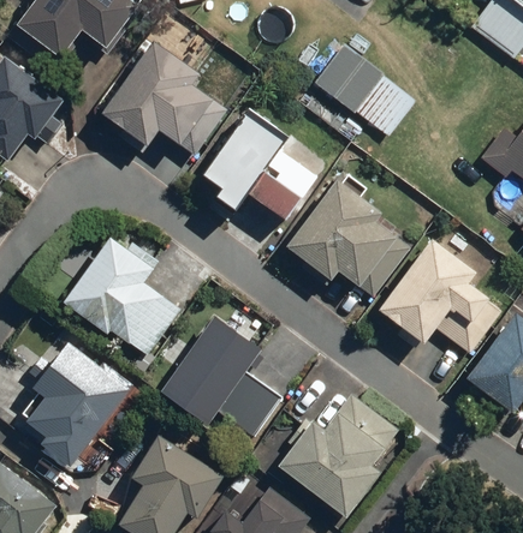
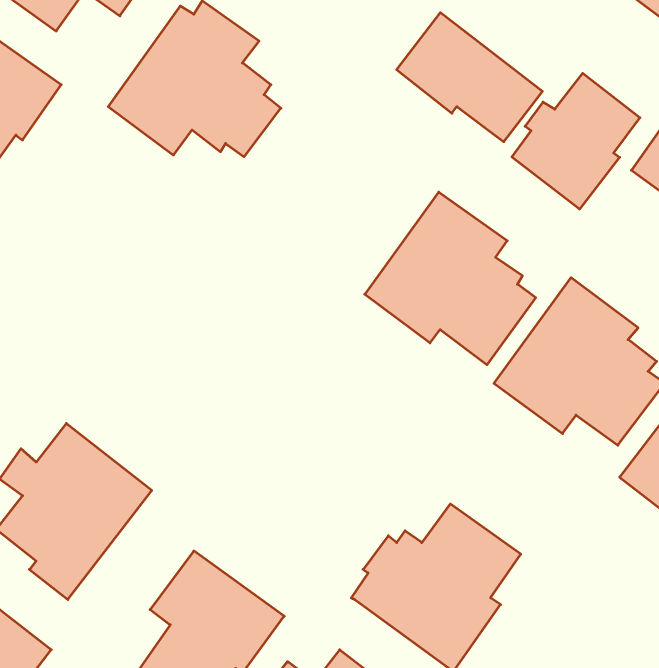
building: none -> [512,73,640,209]
building: [208,106,320,220] -> none
building: [61,234,179,354] -> none
building: [164,317,280,441] -> none

